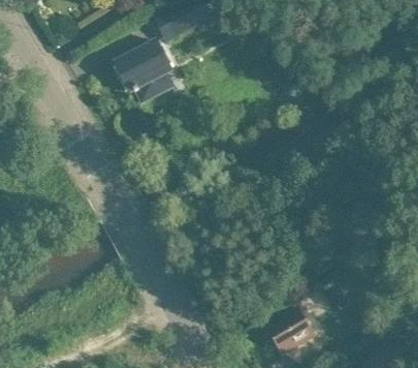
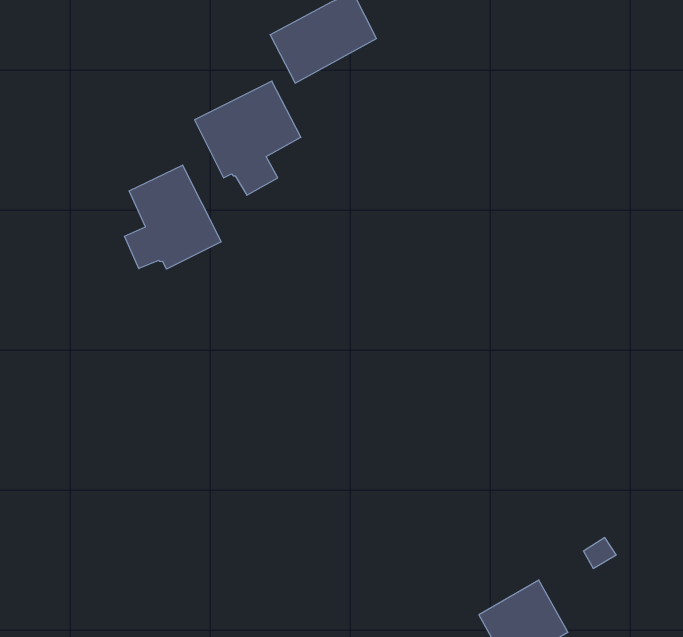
building: none -> [125,165,221,269]

